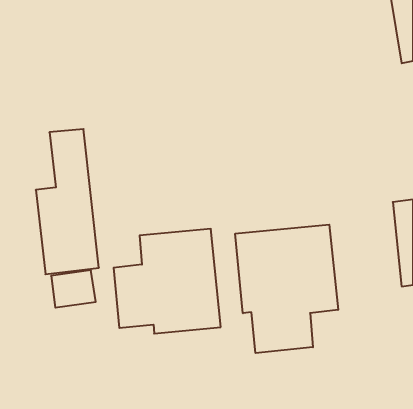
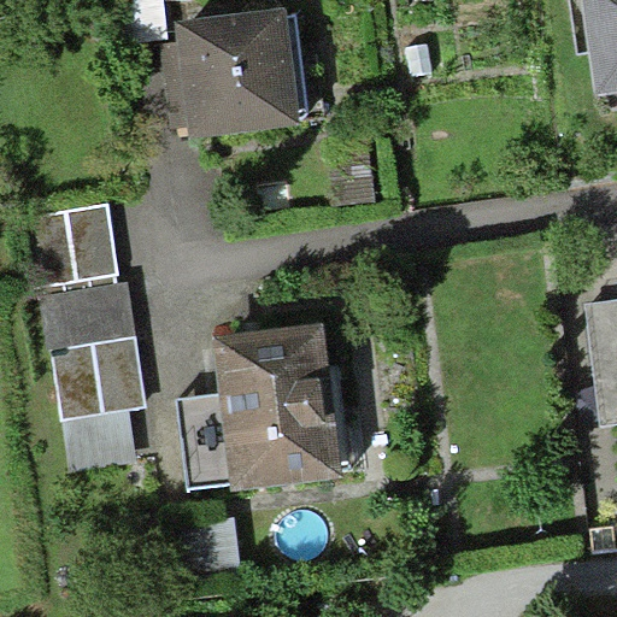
building: none -> [172,12,307,134]
building: [235,225,338,353] -> none

